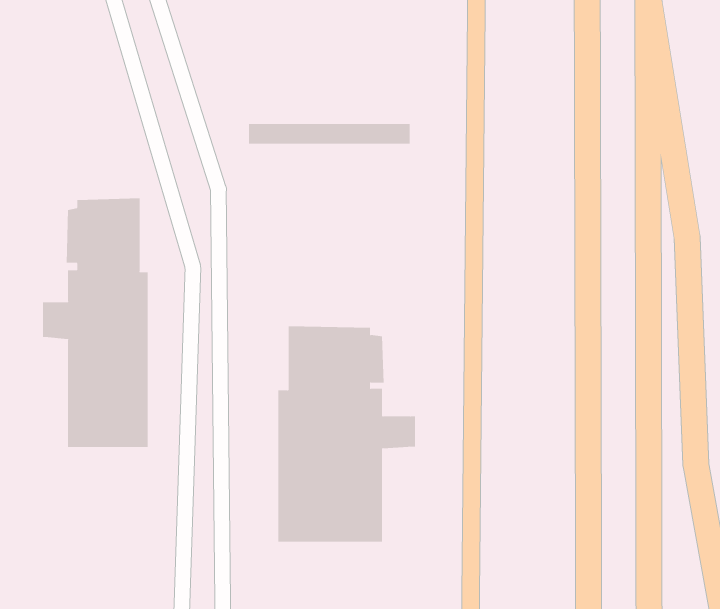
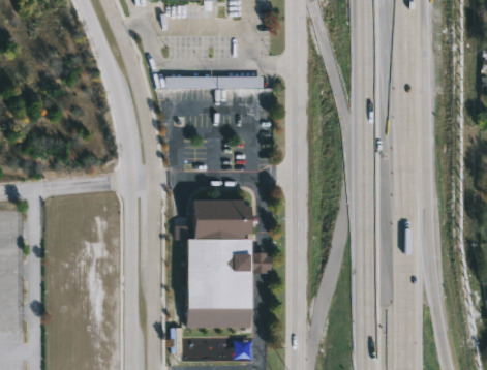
building: [42,197,148,448] -> none

